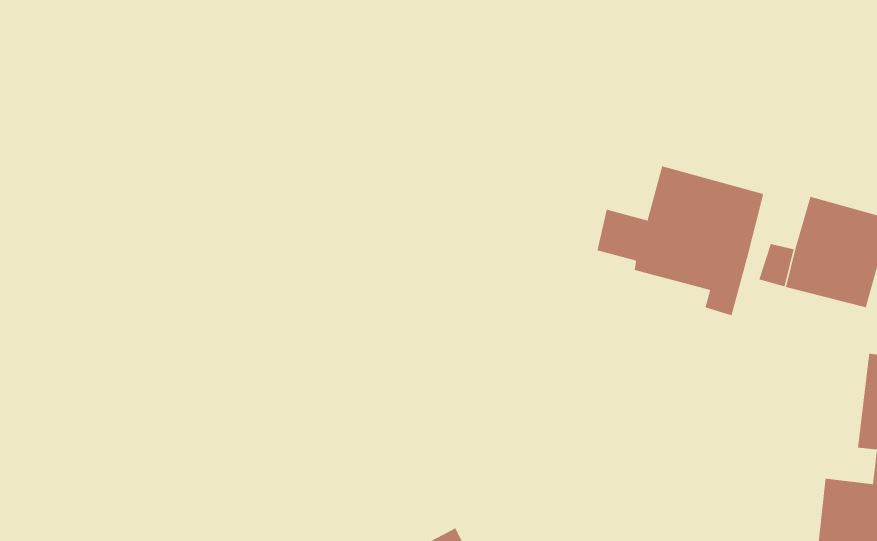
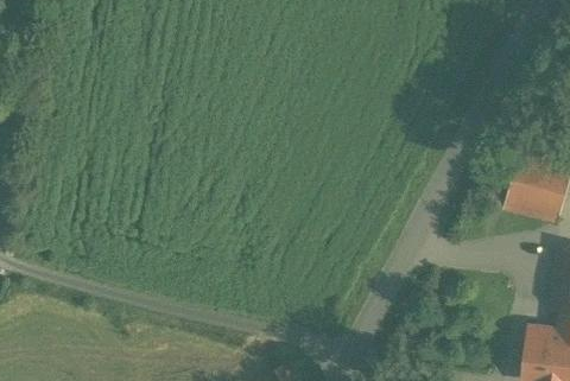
building: [597,165,764,316] -> none

